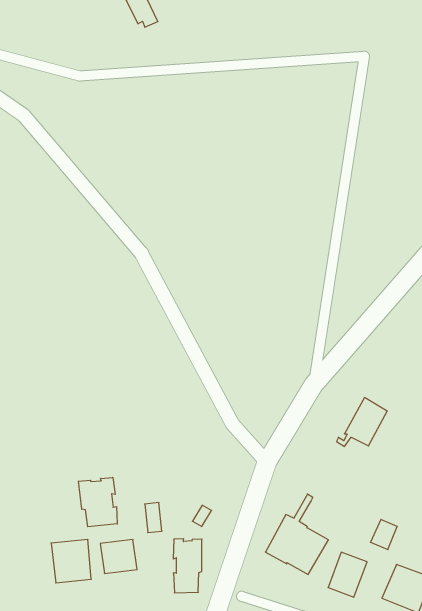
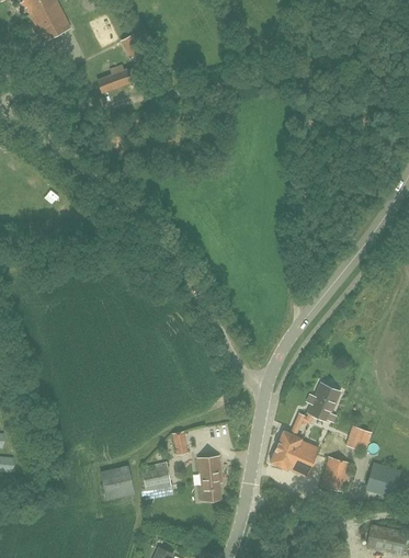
building: none -> [96,65,138,92]
building: [337,398,387,446] -> [302,383,339,422]
building: [78,477,117,527] -> none

